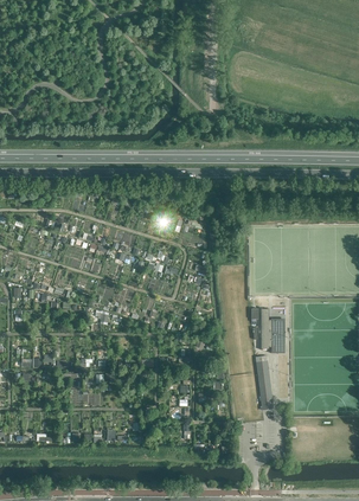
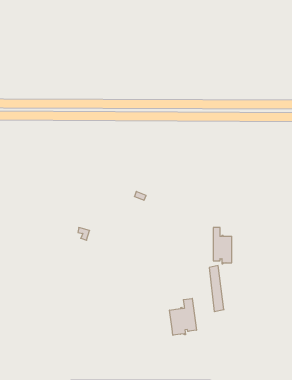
building: none -> [170,298,196,335]

